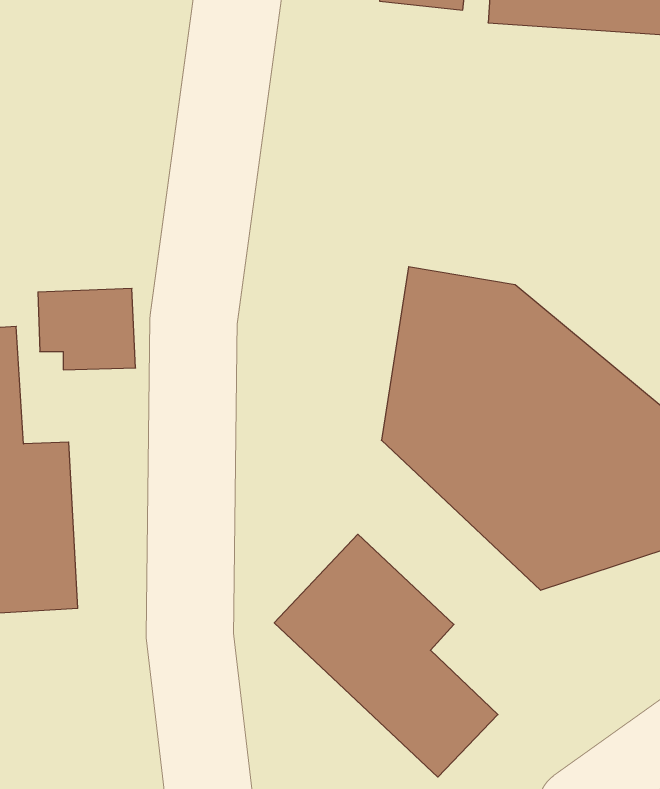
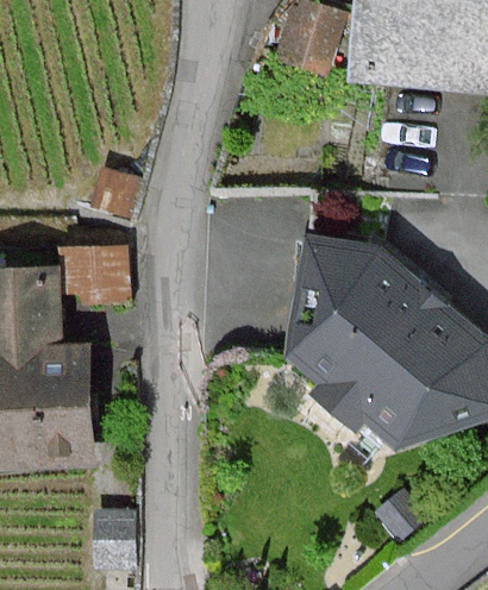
building: [274,534,498,777] -> none

